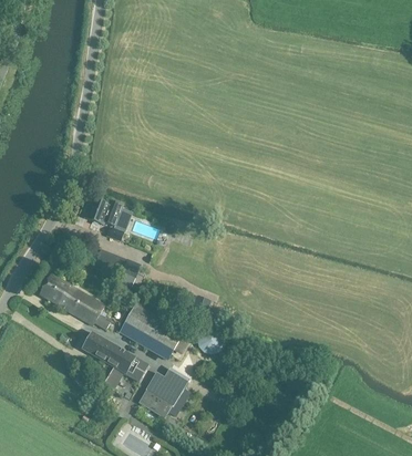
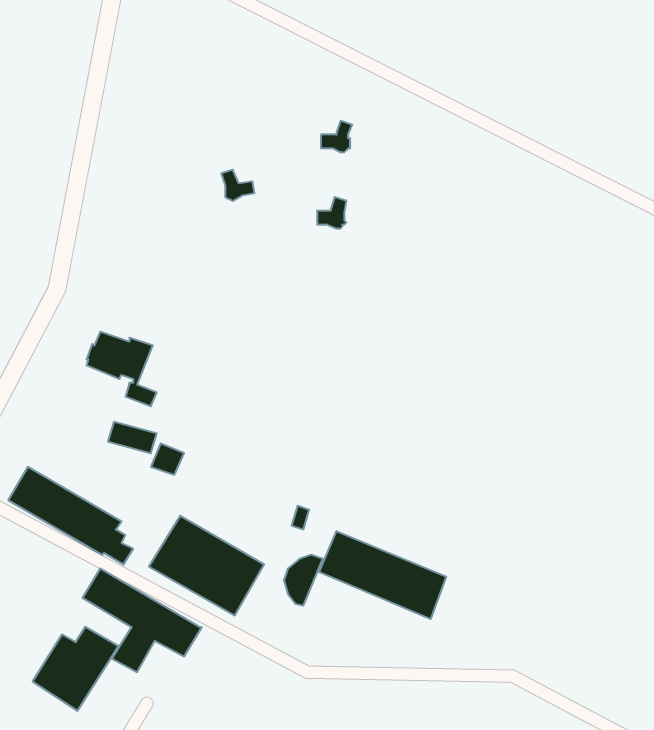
building: none -> [319,531,446,619]
building: [140,367,188,415] -> [33,627,119,711]

